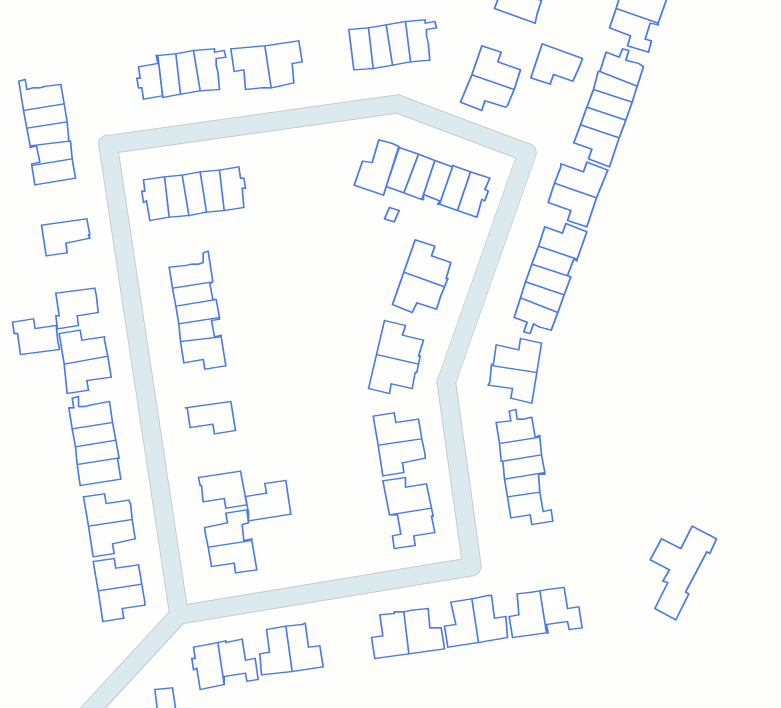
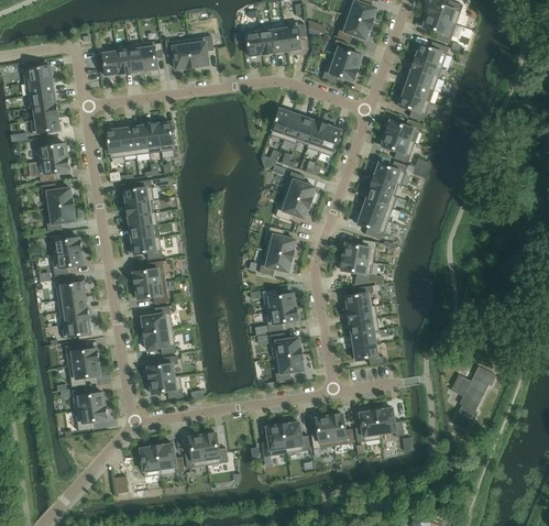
building: [531,44,583,84] -> [337,13,372,41]
building: [354,140,399,195] -> none
building: none -> [34,139,67,161]
building: [13,319,59,354] -> [41,183,73,207]
building: none -> [133,260,165,285]
building: [245,480,291,521] -> [141,305,172,332]

